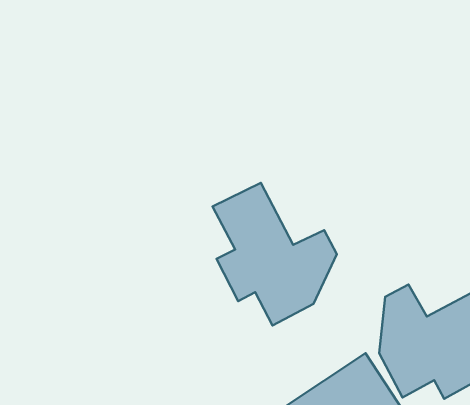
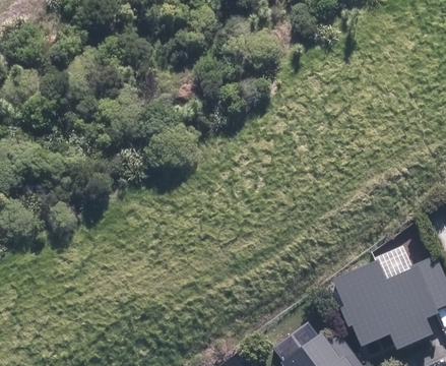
building: [213,183,337,325] -> none

